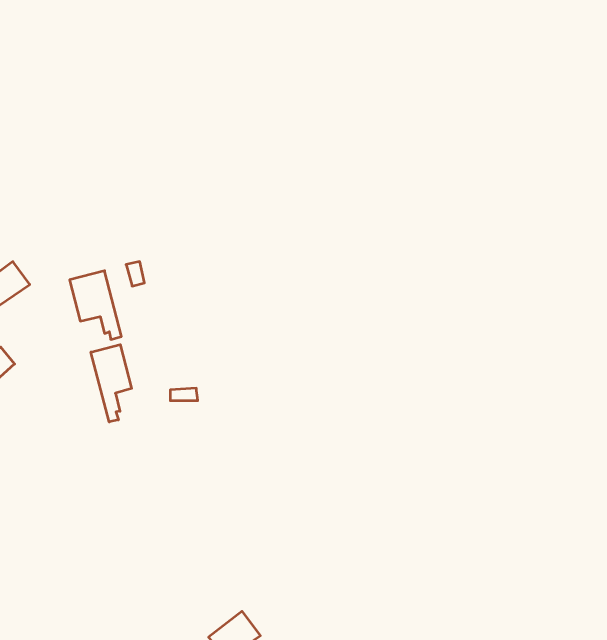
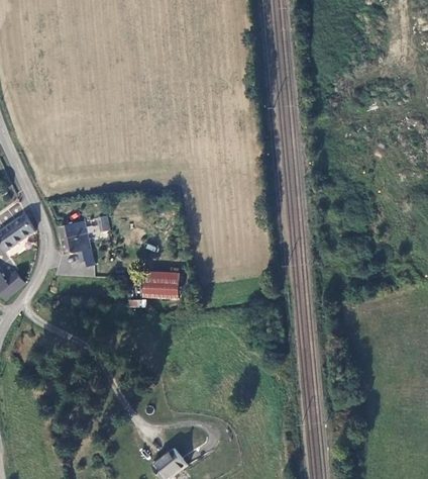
building: [91,345,132,422] -> none
building: none -> [143,279,175,297]

